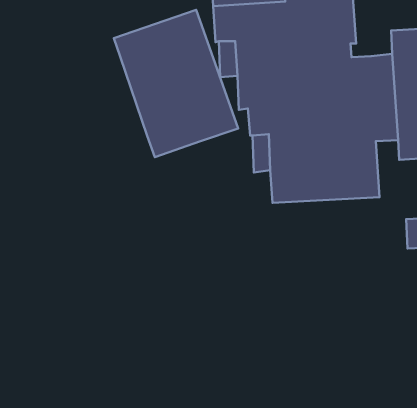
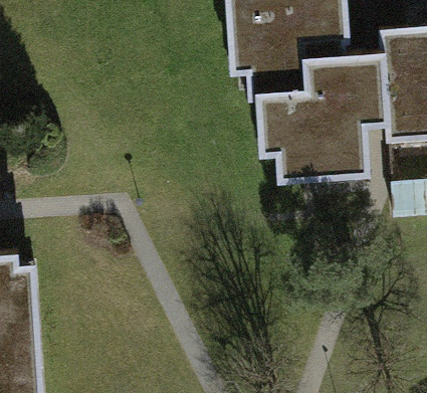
building: [114,10,238,157] -> none

